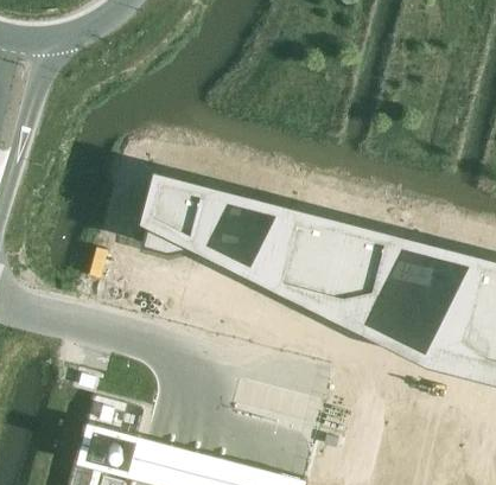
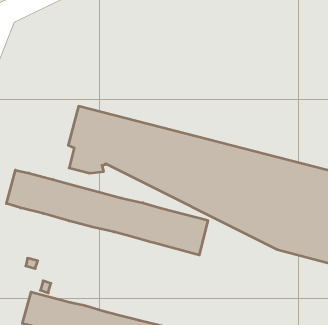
building: none -> [6,170,208,255]

